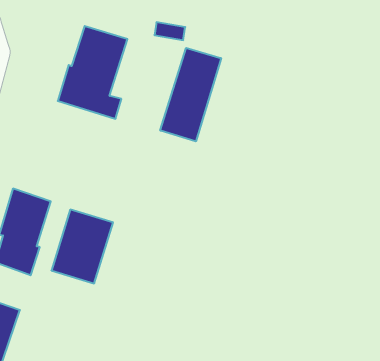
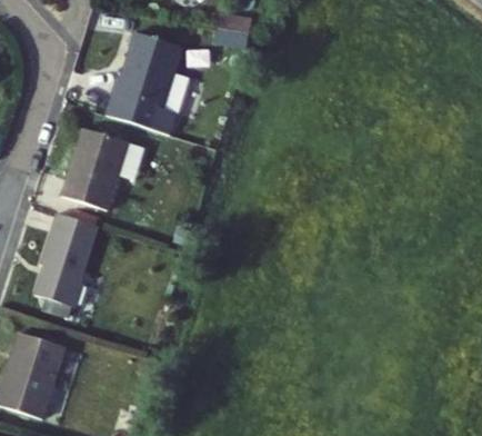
building: [160,48,221,141] -> none
building: [51,210,113,283] -> [61,127,130,209]

